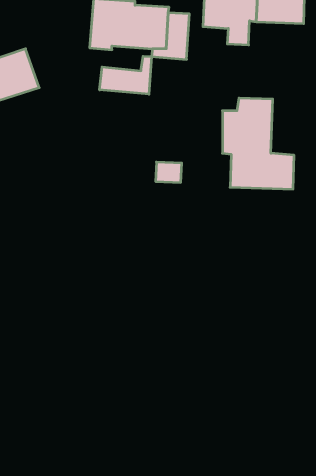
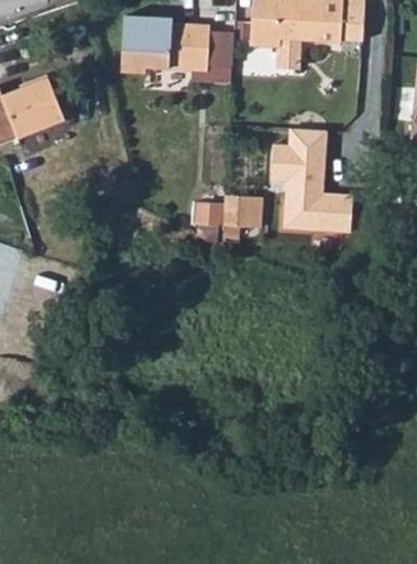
building: [100,56,152,94] -> none
building: none -> [223,195,262,227]

